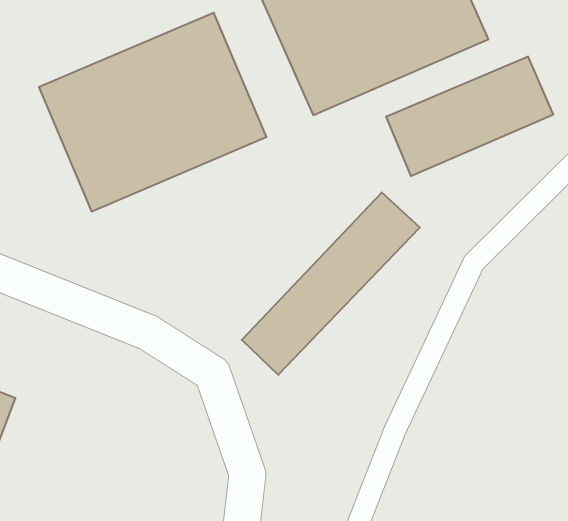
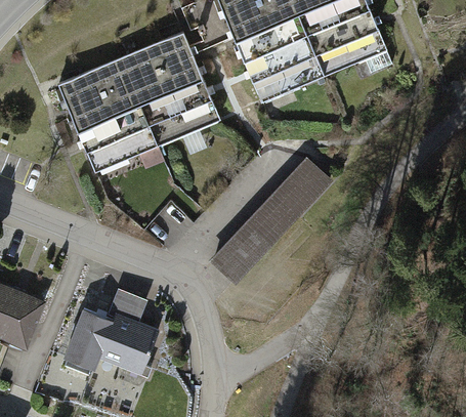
building: [386,56,553,176] -> none
building: none -> [66,289,164,376]

